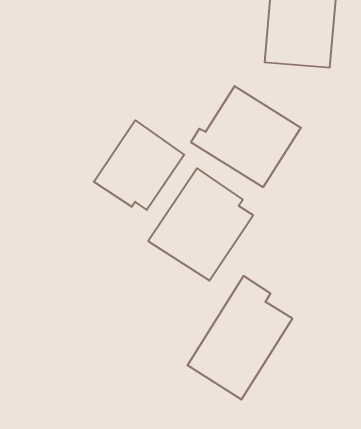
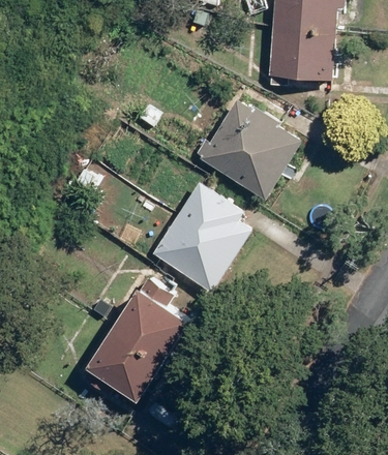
building: [94,120,184,210] -> none
building: [187,276,292,400] -> [92,275,197,398]

